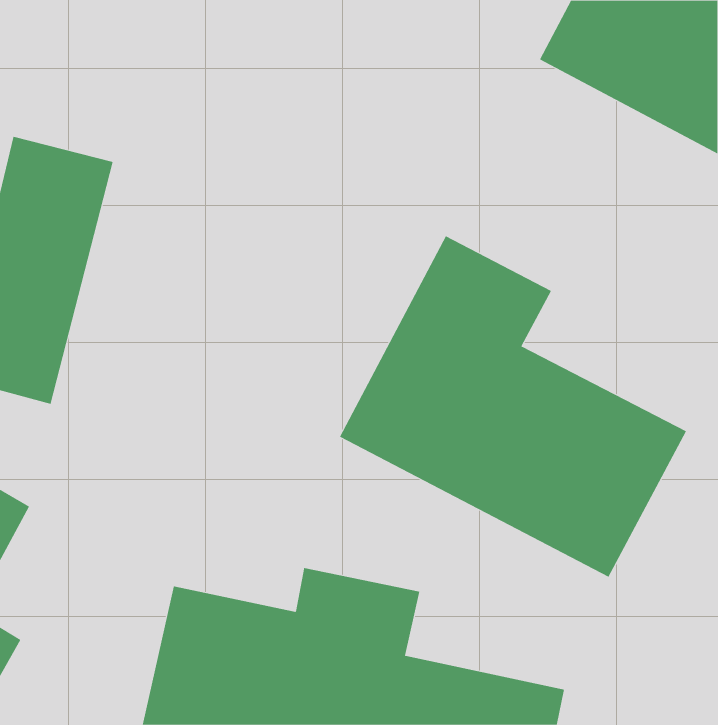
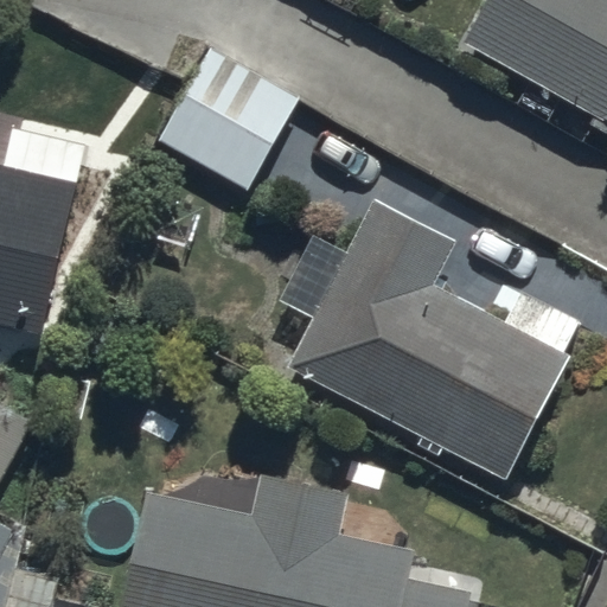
building: none -> [155,46,298,187]

